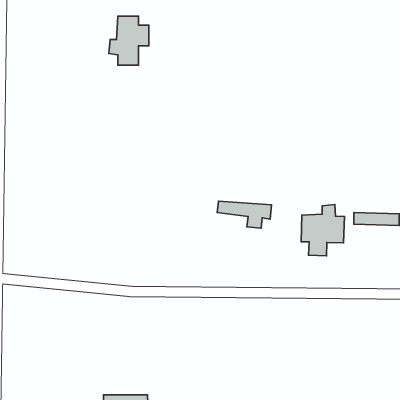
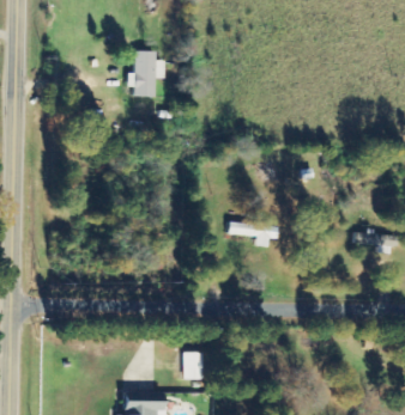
building: [301,205,344,256] -> none
building: none -> [183,352,202,378]

